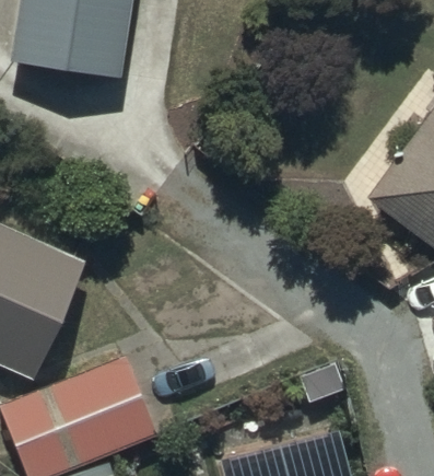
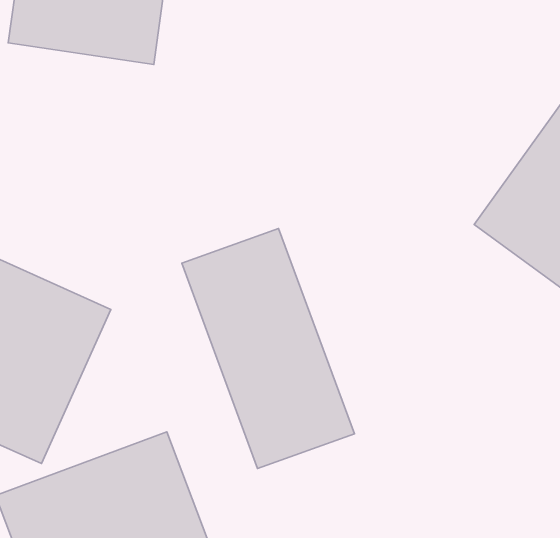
building: none -> [182,228,355,468]

